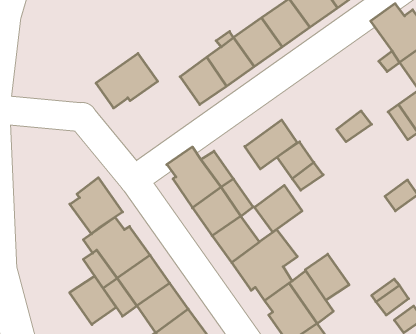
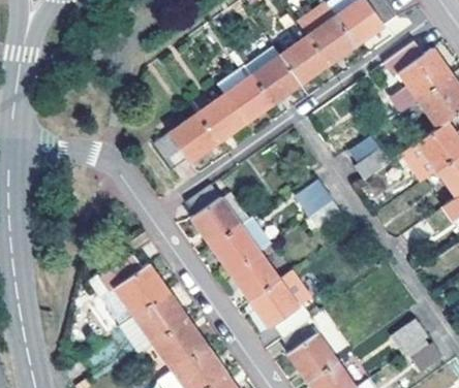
building: [96,53,158,108] -> [155,115,217,169]
building: [245,120,297,169] -> none
building: [70,178,123,234] -> none
building: [254,185,302,232] -> none
building: [305,254,349,300] -> none
building: [70,276,116,325] -> none

